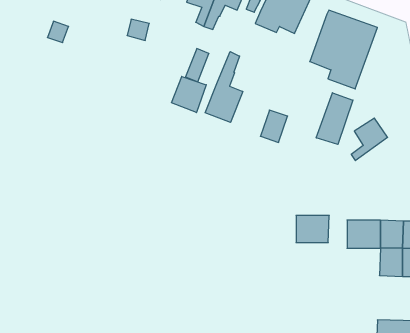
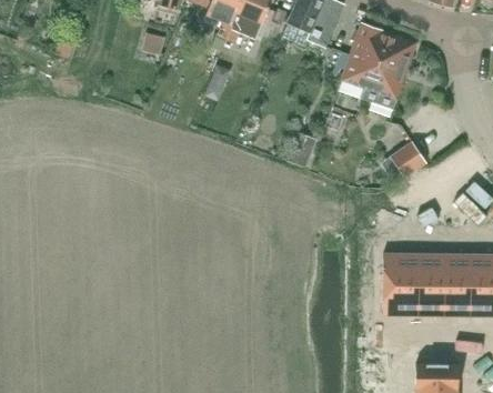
building: [205,52,243,122] -> none
building: [171,76,206,113] -> none
building: [316,93,353,144] -> none
building: [296,215,329,243] -> [383,284,420,314]

